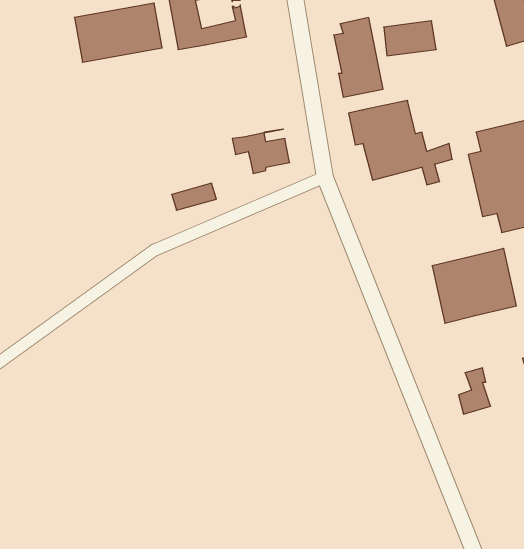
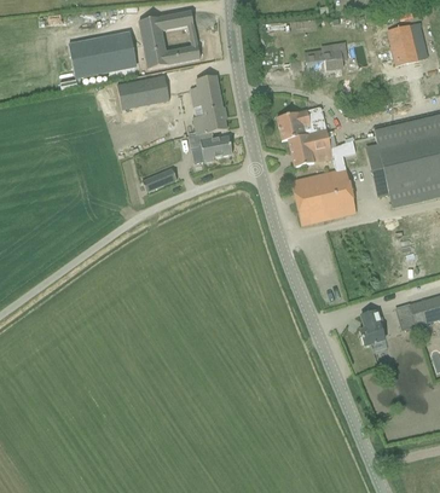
building: [334,18,383,97] -> [190,74,227,134]
building: none -> [117,75,169,109]
building: [432,248,516,323] -> [291,168,355,225]

